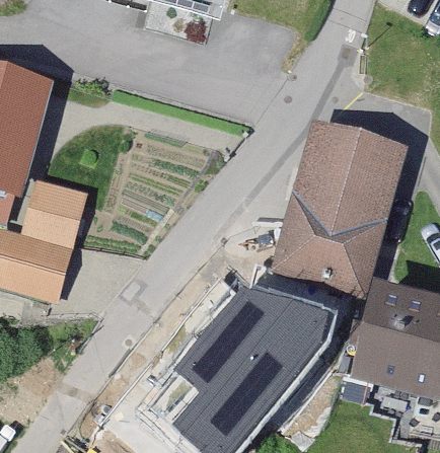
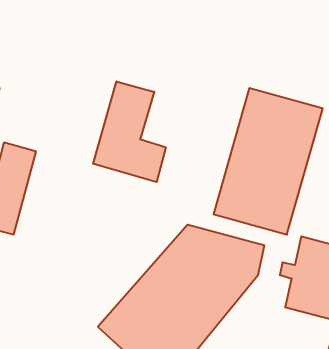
building: none -> [93,81,166,182]

